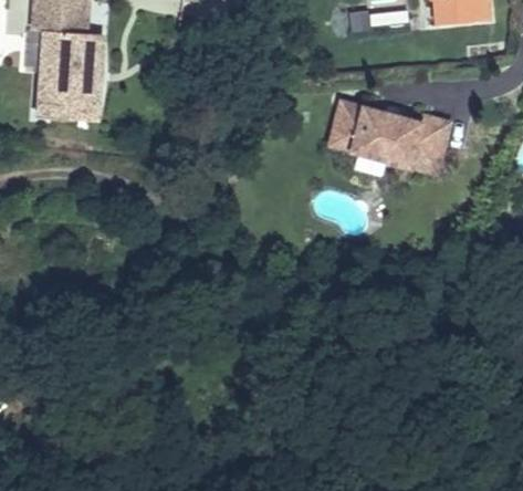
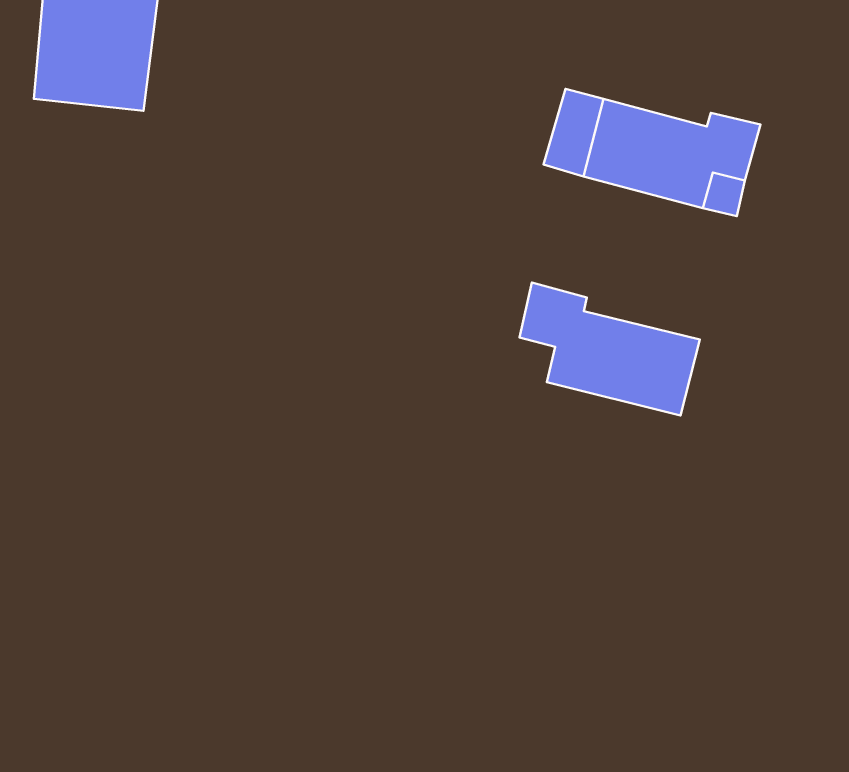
building: none -> [520,282,700,415]

